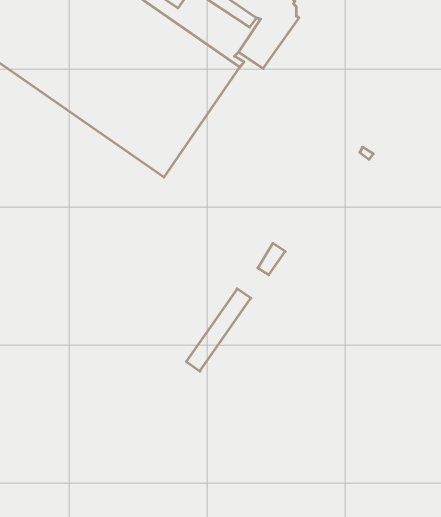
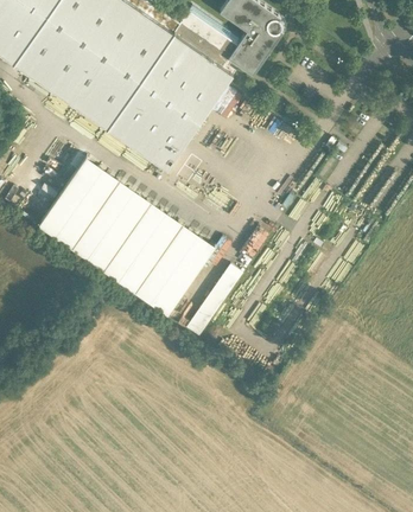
building: none -> [38,159,214,315]

